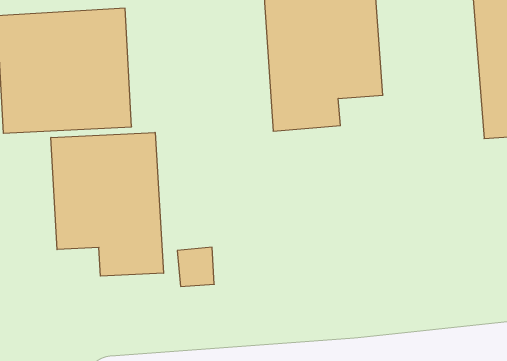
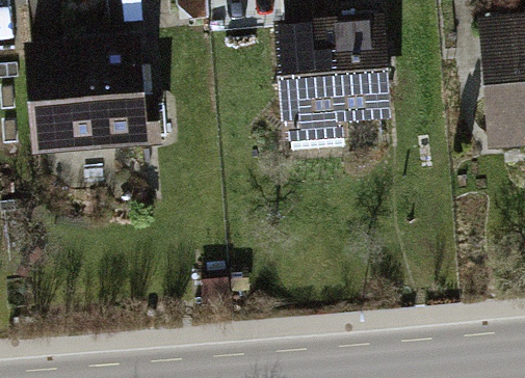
building: [51,132,164,276] -> none

